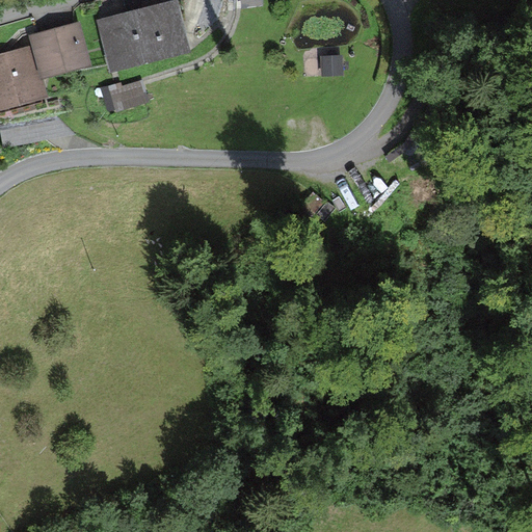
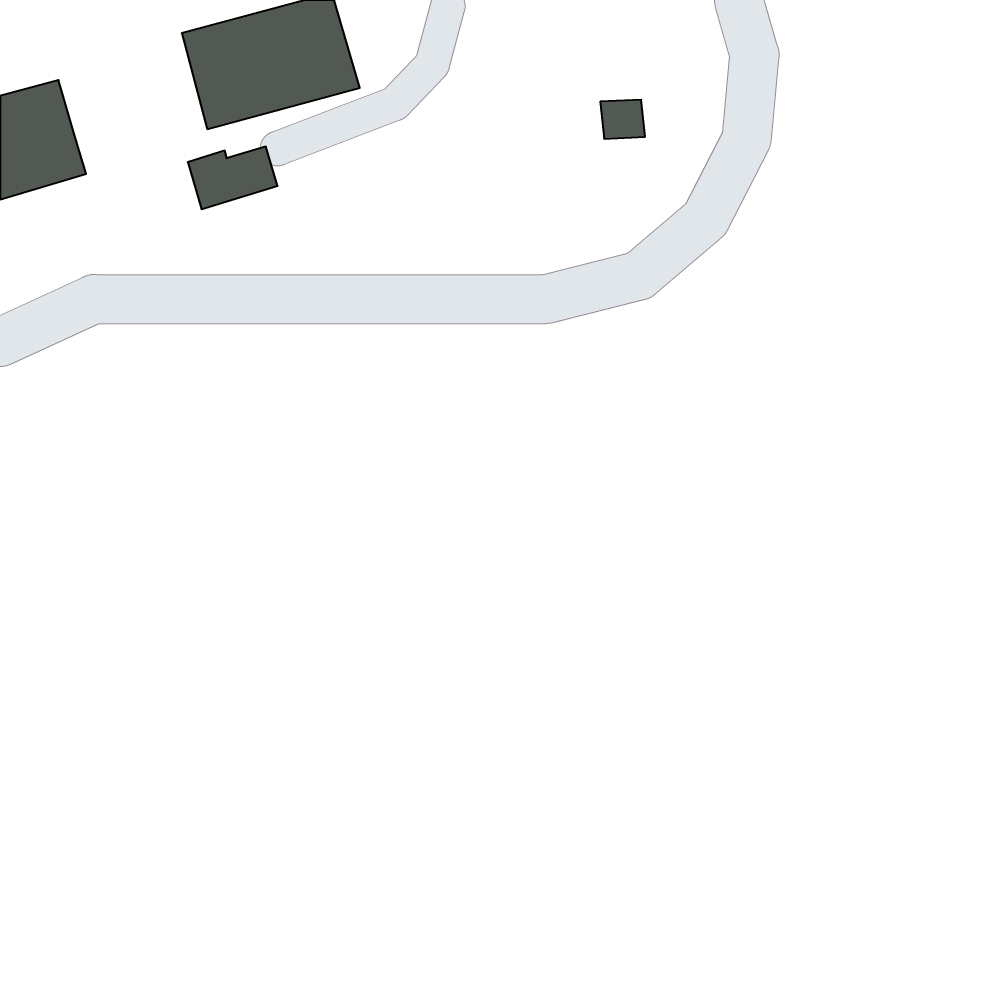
building: [28,23,90,78] -> none

